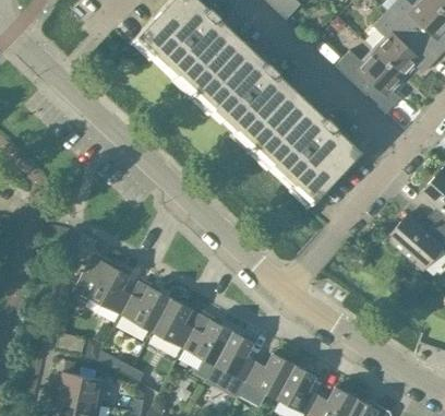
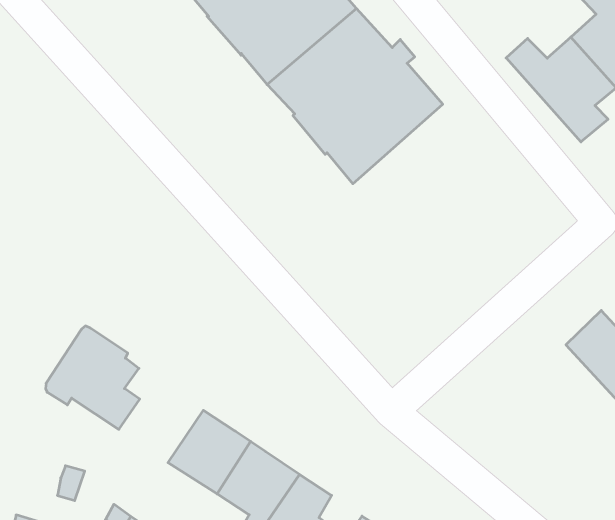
building: [249,97,358,205] -> none
building: [120,285,170,331] -> none

